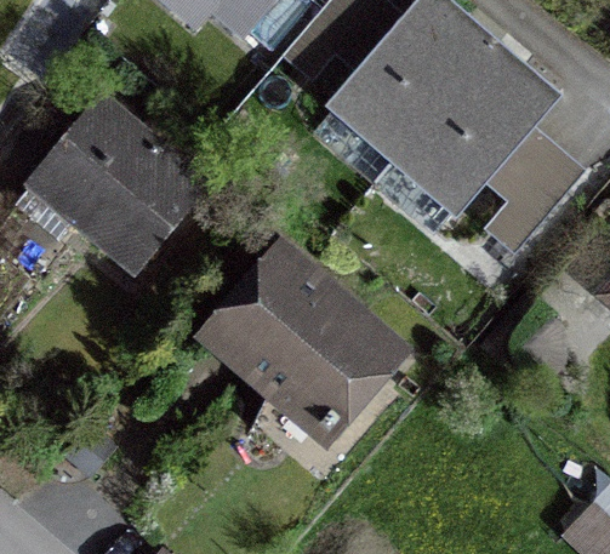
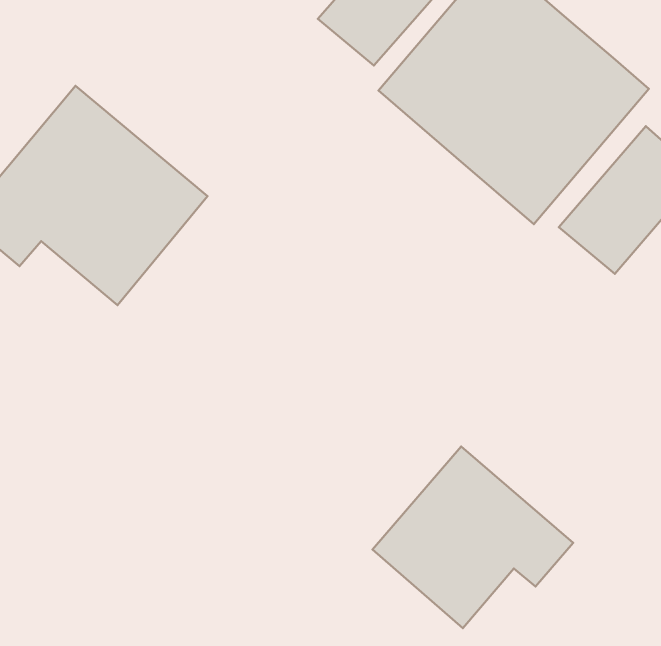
building: [209,256,394,435] -> none
building: none -> [372,447,573,628]

